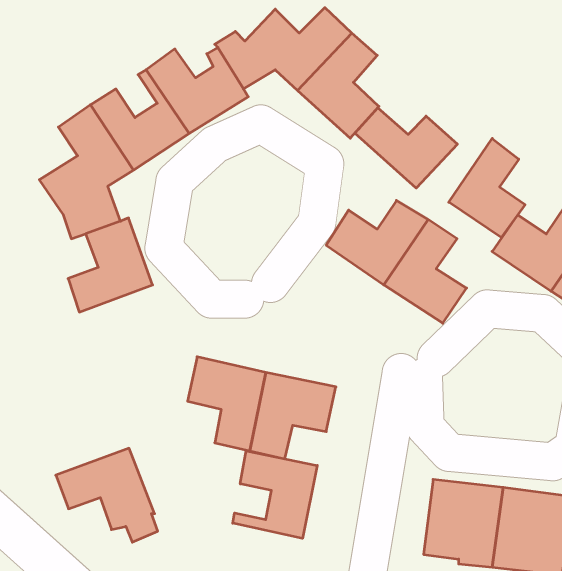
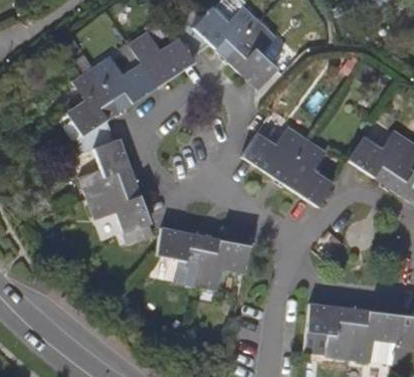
building: [355,108,457,188] -> none
building: [449,138,525,237] -> none
building: [56,448,158,542] -> [88,181,153,240]
building: [233,451,317,538] -> none

